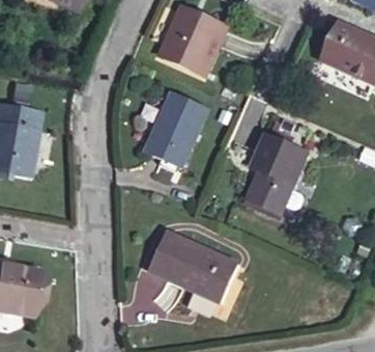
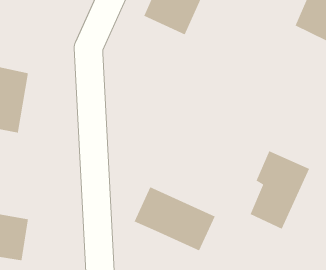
building: [146,91,208,166] -> none
building: [244,131,310,217] -> [250,150,310,230]

